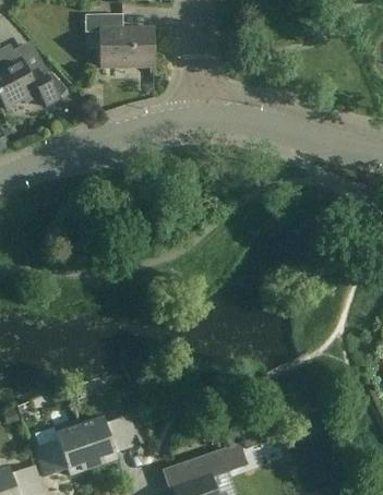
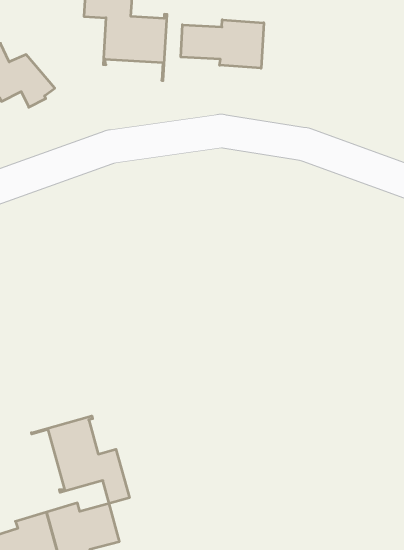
building: none -> [181,20,264,68]
building: none -> [31,416,129,503]

